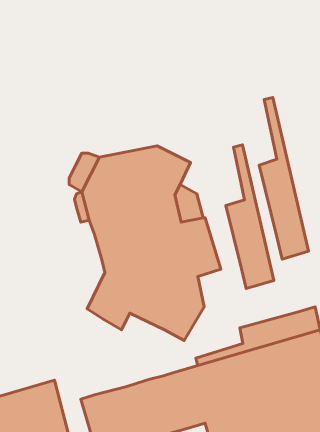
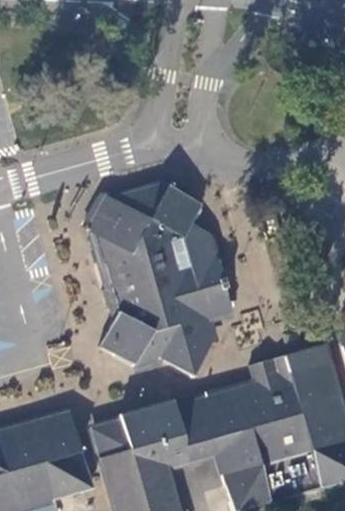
building: [259,98,308,259] -> none
building: [226,145,274,288] -> none

